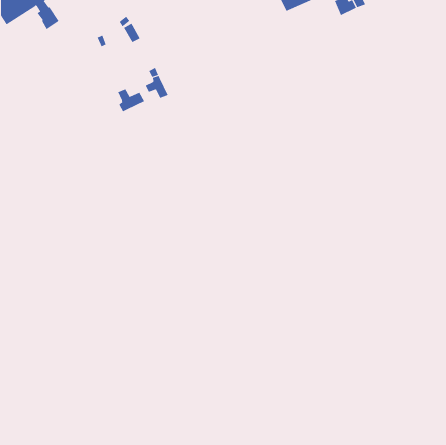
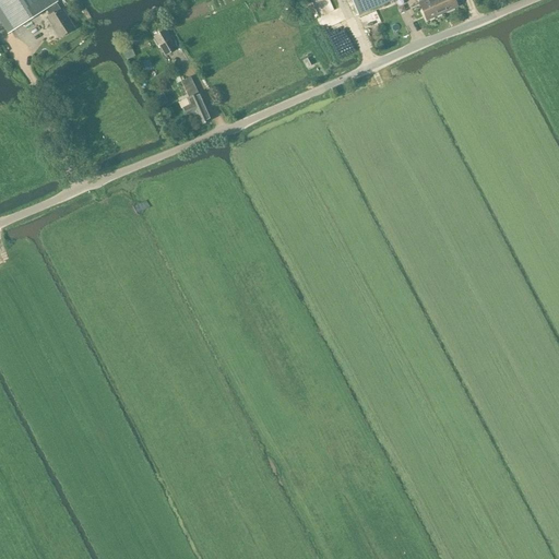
building: [118,88,145,112] -> none

